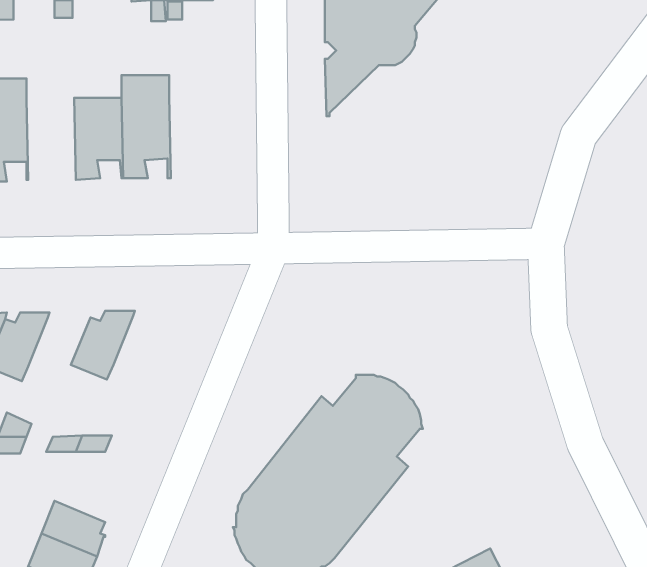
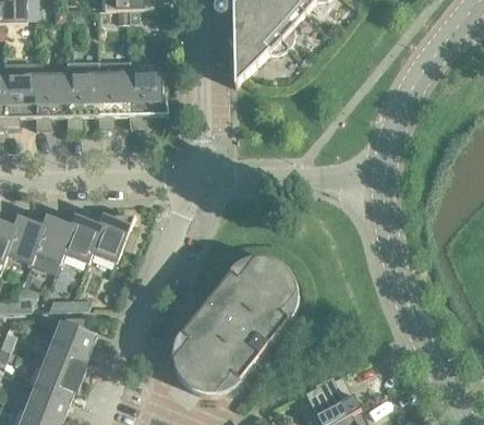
building: none -> [128,73,167,129]
building: none -> [33,75,65,130]
building: none -> [90,216,136,263]
building: none -> [34,217,76,264]
building: none -> [51,317,94,357]

